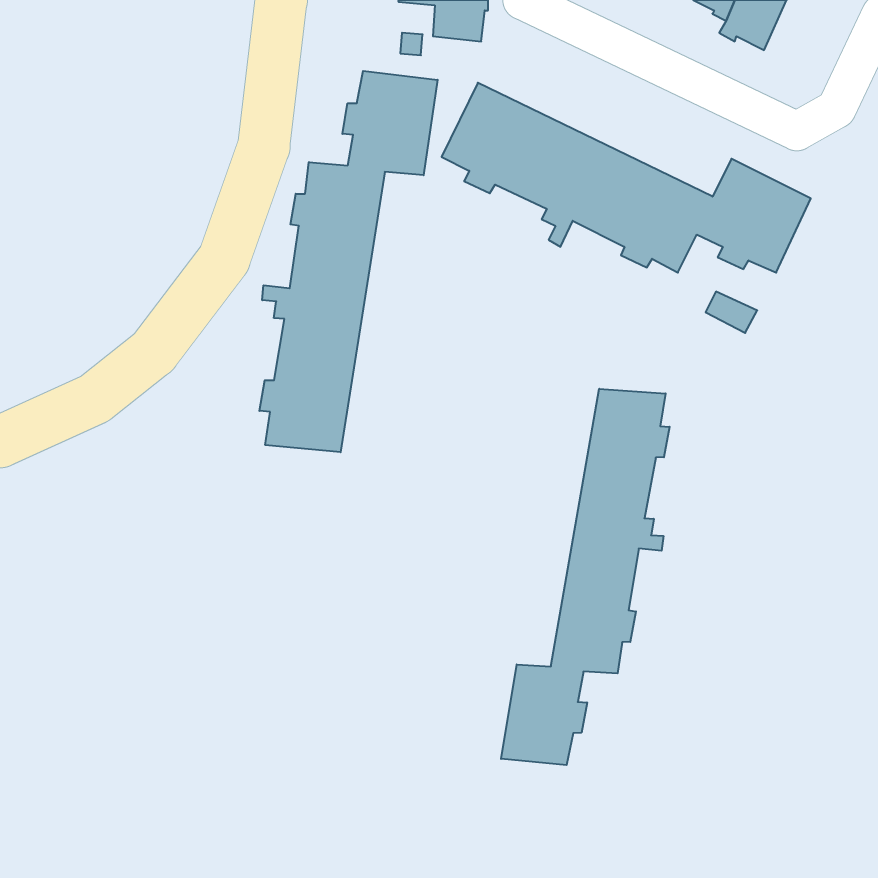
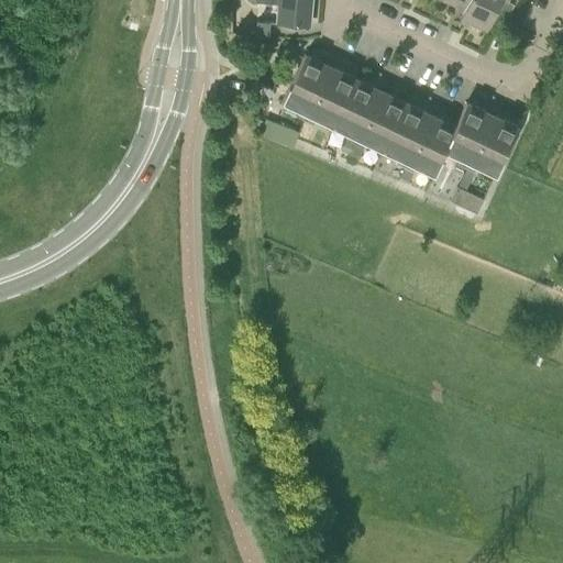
building: [259,71,438,452] -> none
building: [501,389,670,765] -> none

